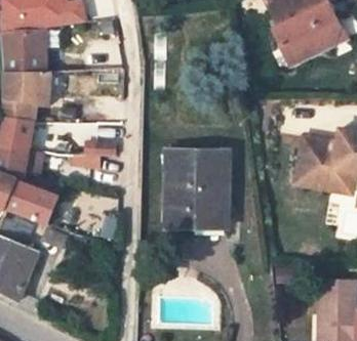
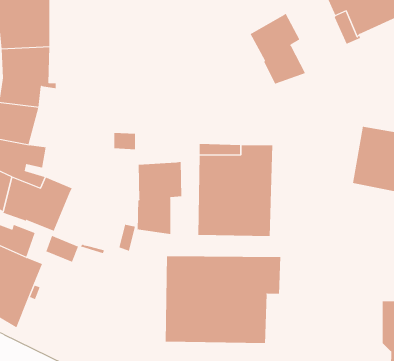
building: none -> [250,13,306,85]
building: none -> [137,161,182,235]
building: none -> [165,256,281,344]

